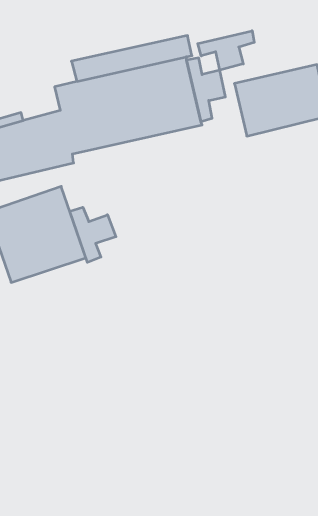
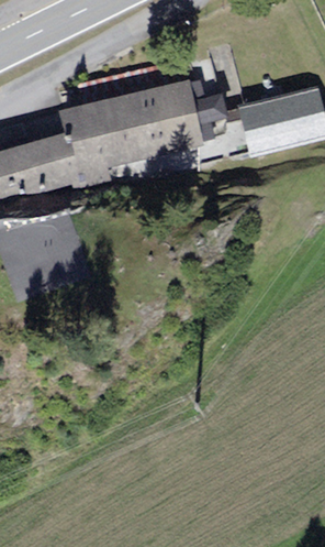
building: [198,31,254,70] -> none
building: [70,207,116,262] -> none

